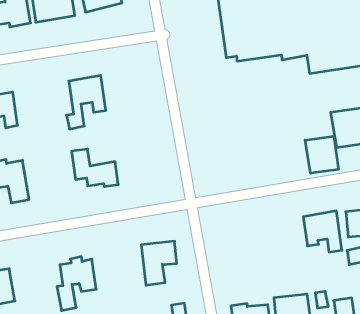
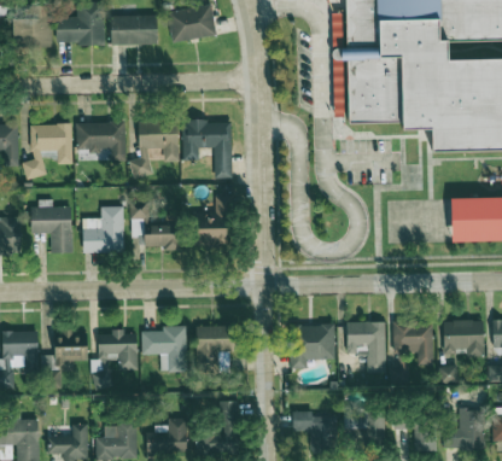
building: none -> [183,119,233,179]
building: none -> [77,121,127,161]
building: none -> [195,196,233,246]
building: [305,136,338,173] -> none
building: none -> [83,206,124,252]
building: none -> [346,321,386,373]
building: none -> [290,323,335,368]
building: none -> [141,326,188,370]
building: none -> [56,331,88,361]

